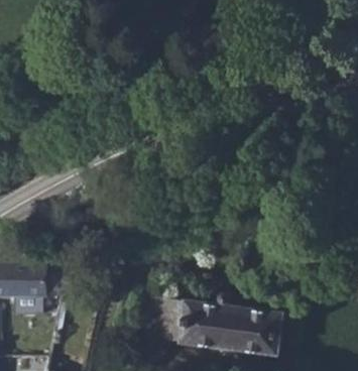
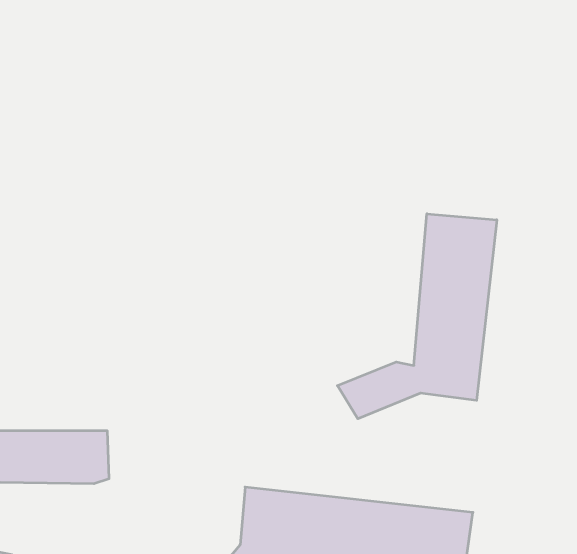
building: none -> [337,214,497,419]

